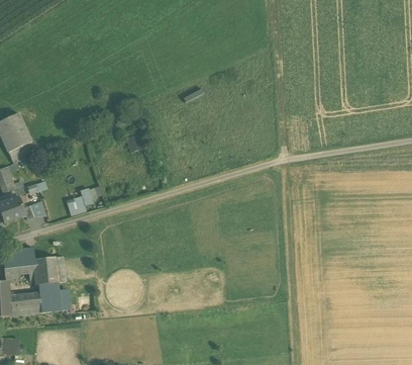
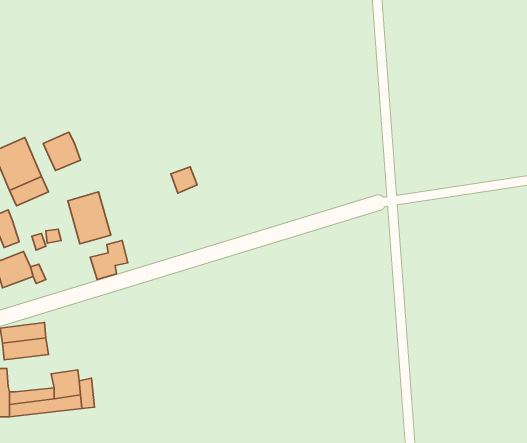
building: none -> [43,132,80,170]
building: none -> [68,192,111,244]
building: [34,257,58,285] -> none

